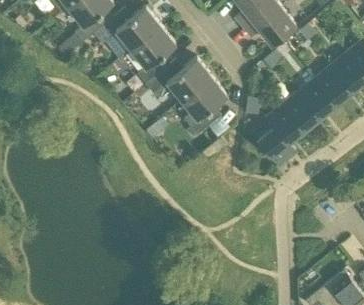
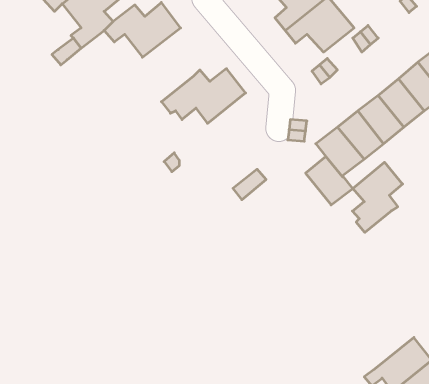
building: [130,25,175,83] -> none
building: [181,76,227,134] -> none
building: none -> [352,162,403,232]

